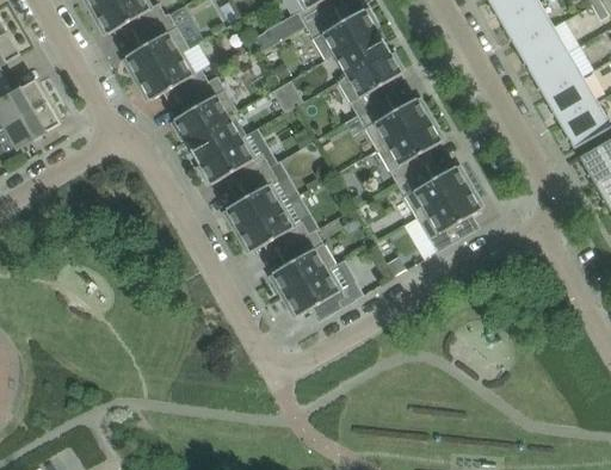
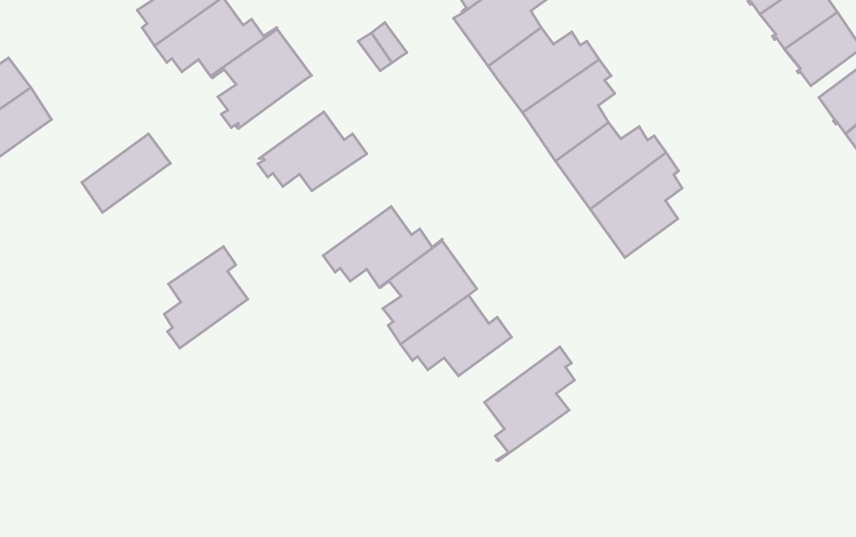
building: [186,111,247,161] -> [82,134,171,212]
building: [227,165,284,230] -> [164,247,248,348]
building: none -> [485,347,575,461]

